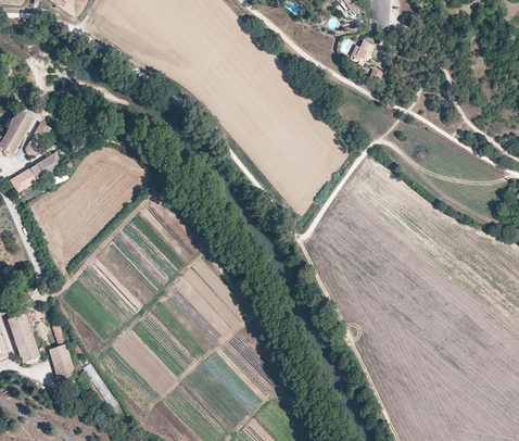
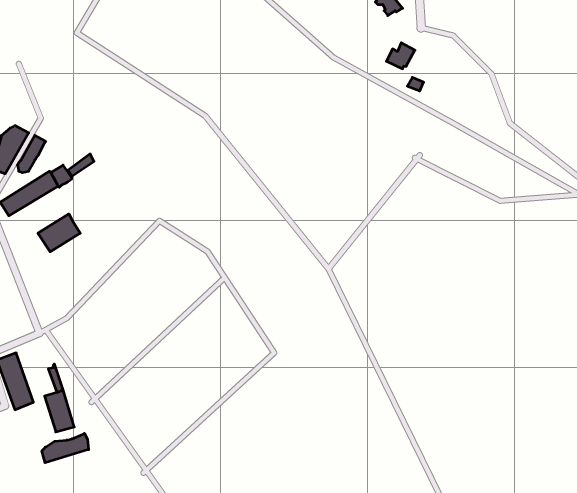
building: none -> [38,214,80,252]
building: none -> [42,433,89,463]

